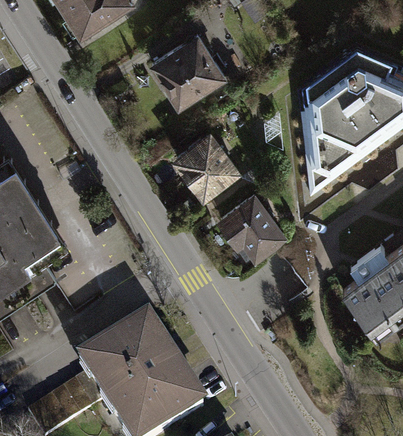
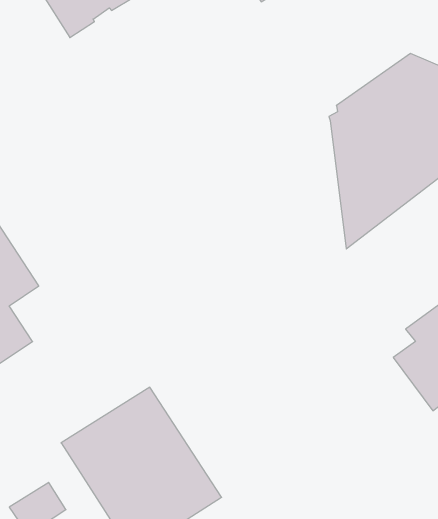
building: [149,31,223,104] -> none
building: [178,136,237,196] -> none
building: [222,197,283,255] -> none

